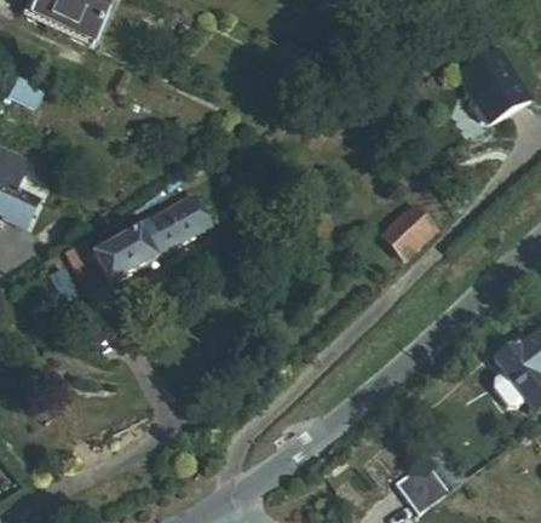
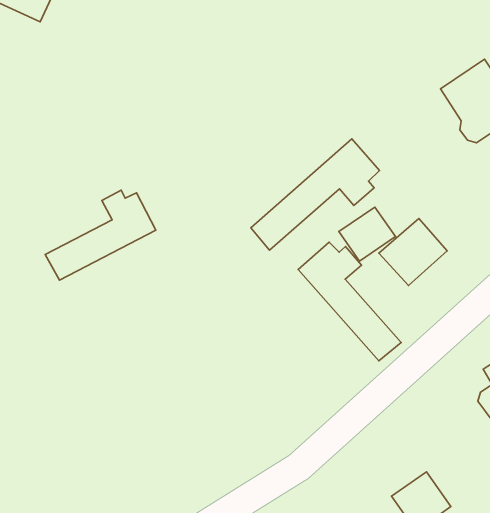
building: none -> [251,139,380,250]
building: none -> [298,242,401,361]

